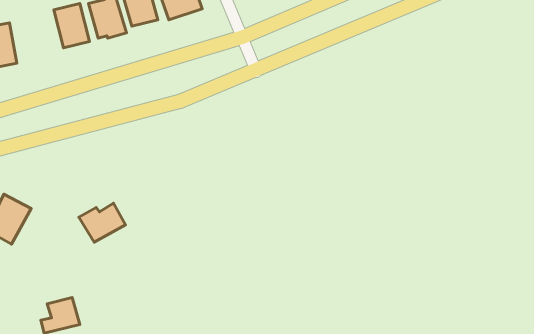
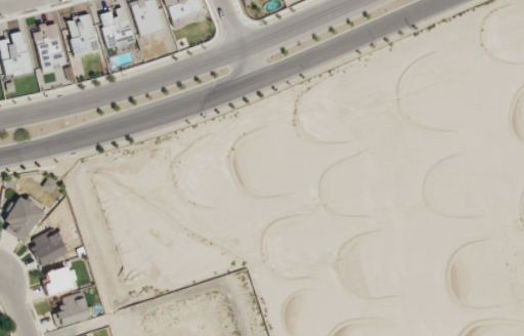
building: none -> [33,23,63,72]
building: [79,203,125,242] -> [28,229,72,266]
building: none -> [45,267,77,294]

